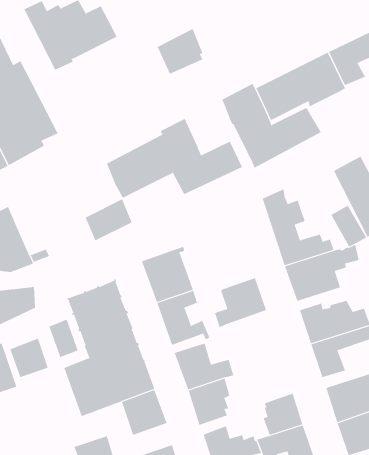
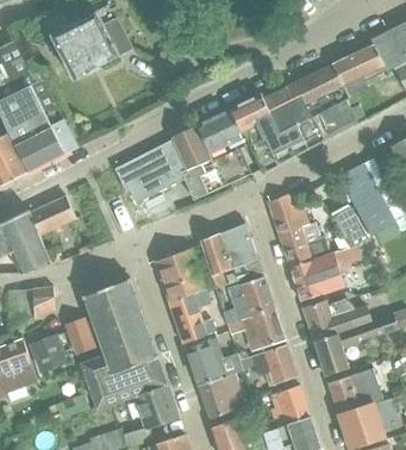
building: [157,28,203,75] -> [195,108,239,152]
building: none -> [318,100,356,137]
building: [85,199,133,241] -> [29,194,74,235]
building: none -> [200,223,261,288]
building: none -> [227,308,283,349]
building: none -> [239,344,295,383]

